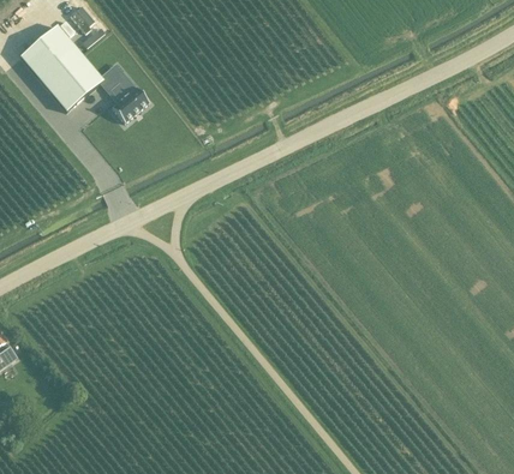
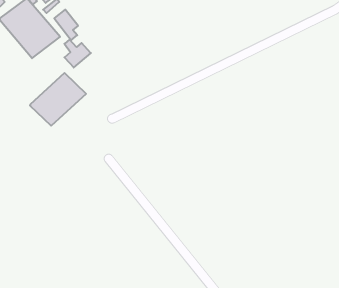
building: none -> [30,73,86,126]

